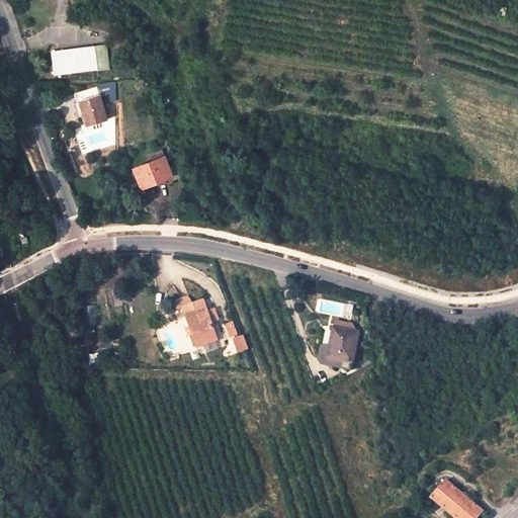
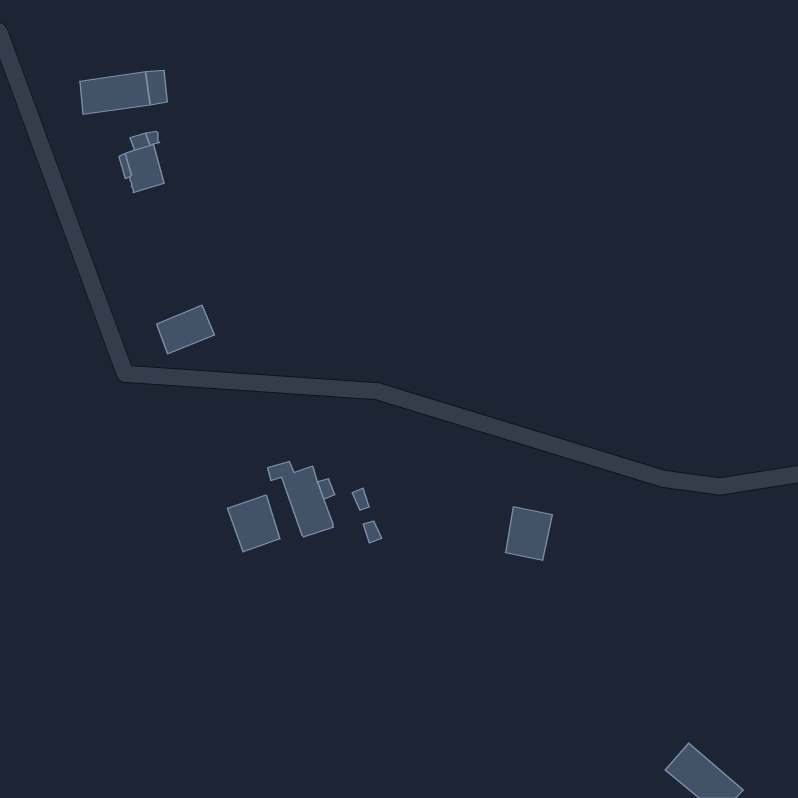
building: [134,156,171,187] -> [157,305,215,354]
building: none -> [228,495,280,552]

